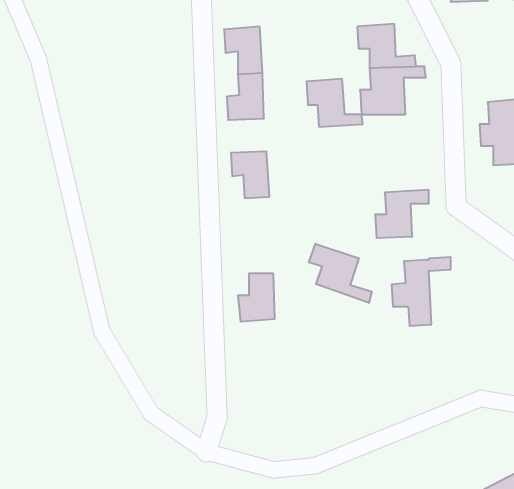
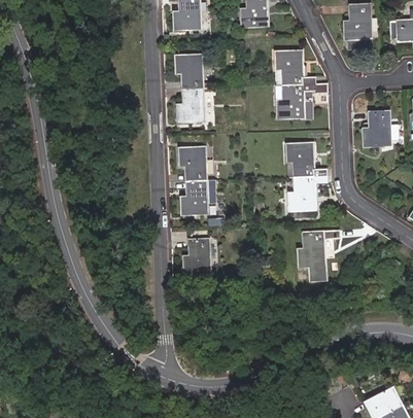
building: [306,79,363,127] -> [284,143,326,179]
building: none -> [181,182,215,218]
building: [309,244,372,303] -> none

